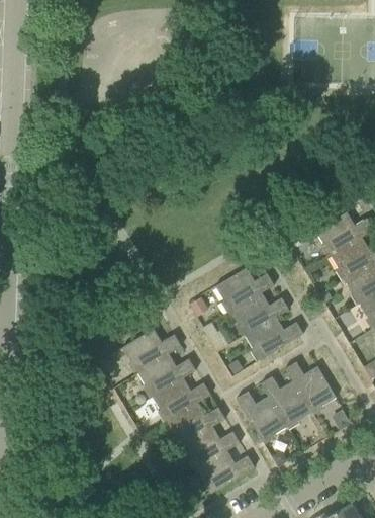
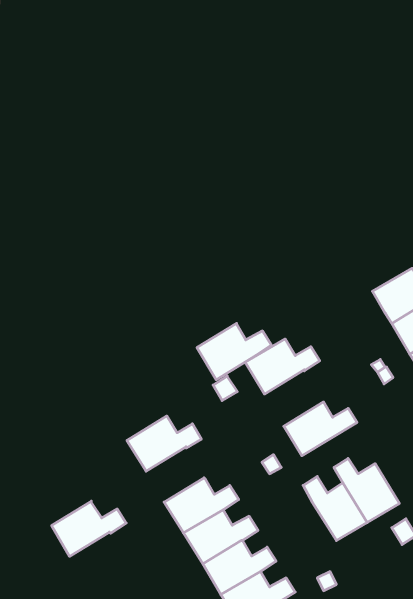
building: [230,291,289,336] -> [197,323,271,380]
building: [137,352,196,396] -> [52,501,126,556]
building: [237,391,287,441] -> none

